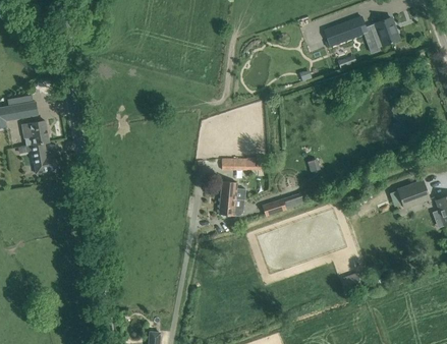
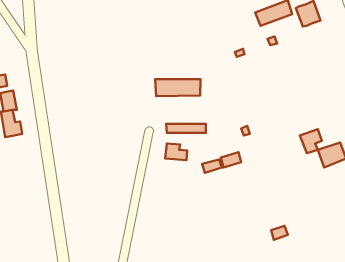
building: none -> [155,79,200,96]
building: none -> [300,129,322,153]
building: [219,197,244,215] -> none

